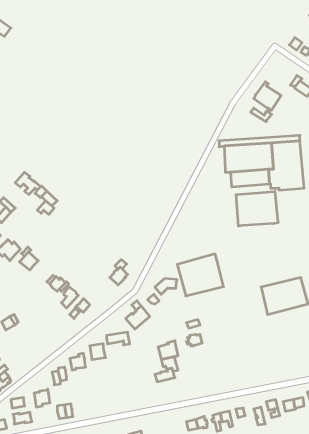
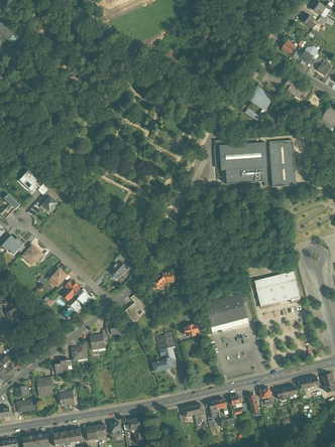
building: [236,191,278,226] -> none
building: [177,254,224,296] -> [205,293,249,333]

